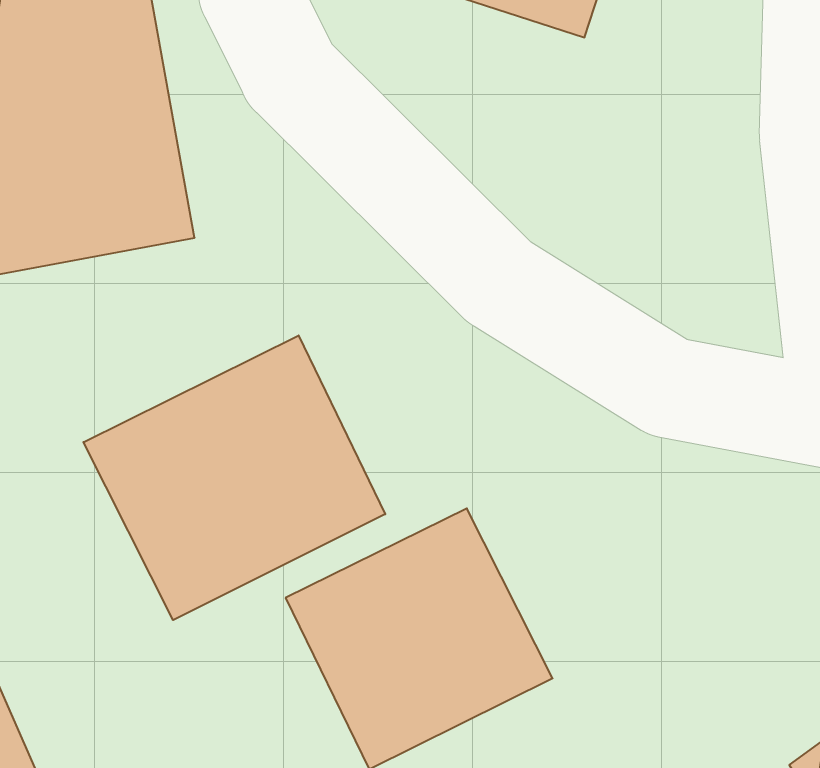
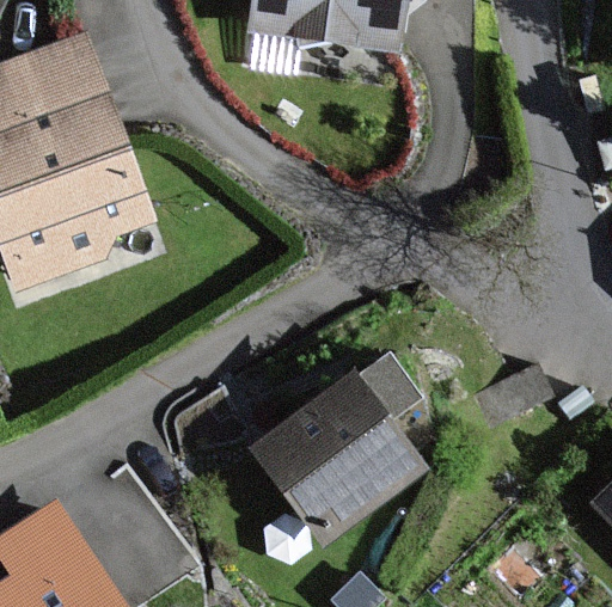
building: [83,335,385,620] -> none

